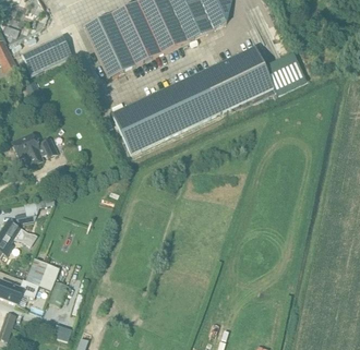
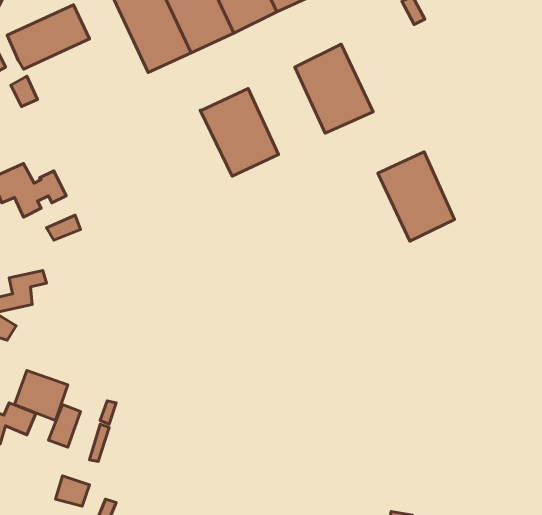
building: [226,47,273,101] -> [378,152,455,241]
building: [169,74,216,128] -> none
building: [111,100,159,155] -> none

